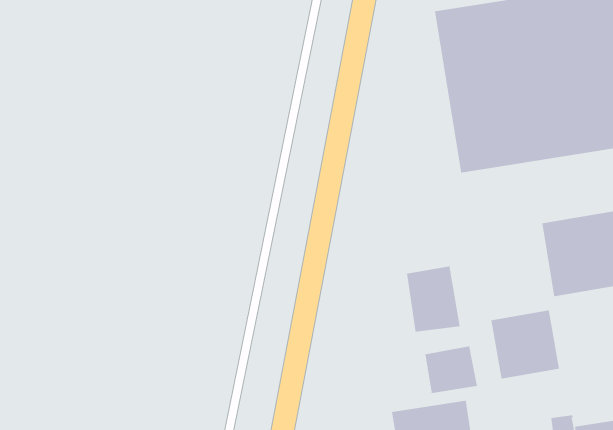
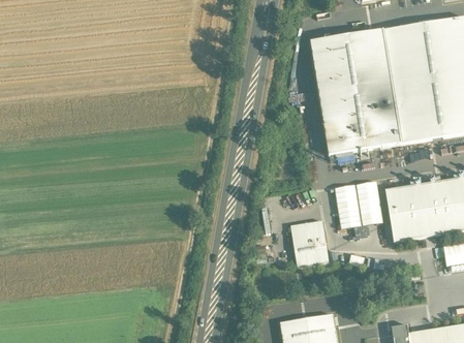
building: [490,310,560,379] -> [335,182,383,230]
building: [425,345,478,394] -> none

